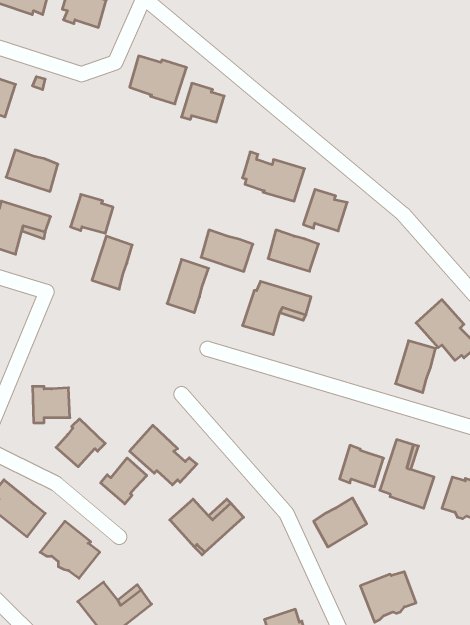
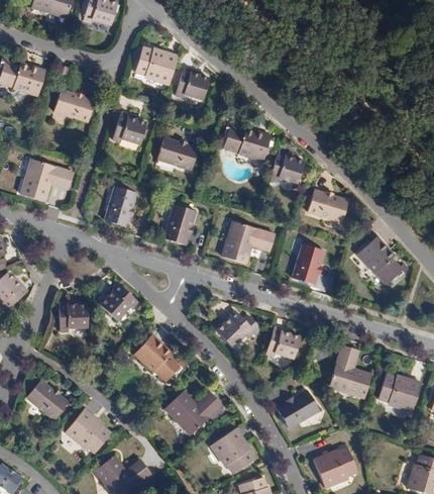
building: [6,150,58,191] -> [53,88,94,120]
building: [70,194,113,233] -> [111,113,144,143]
building: [268,230,319,271] -> [305,186,344,218]
building: [201,230,253,271] -> [157,137,198,170]
building: [395,341,436,393] -> [293,244,324,285]
building: none -> [216,311,261,349]
building: [56,419,105,467] -> [100,284,138,321]
building: [340,445,384,487] -> [265,327,300,360]
building: [101,458,147,504] -> none
building: none -> [211,428,255,475]

